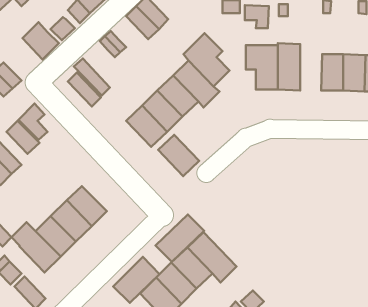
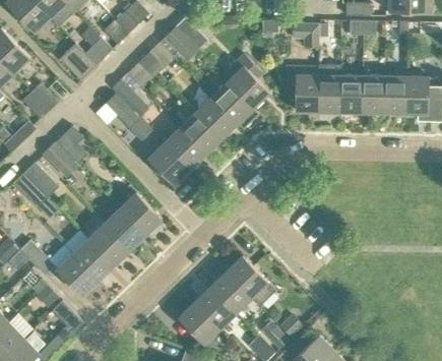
building: none -> [340,75,363,112]
building: [158,135,199,176] -> [148,142,190,184]
building: none -> [120,192,162,234]
building: [156,214,204,262] -> none
building: [113,257,159,303] -> none

